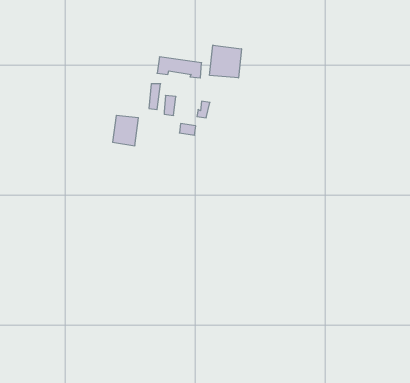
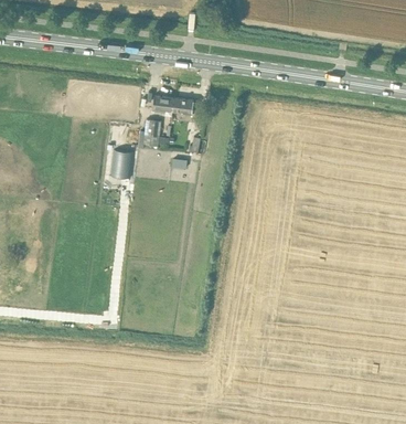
building: [210,45,241,78] -> none

